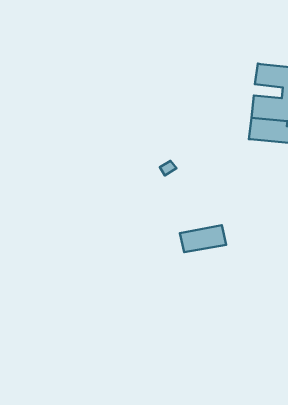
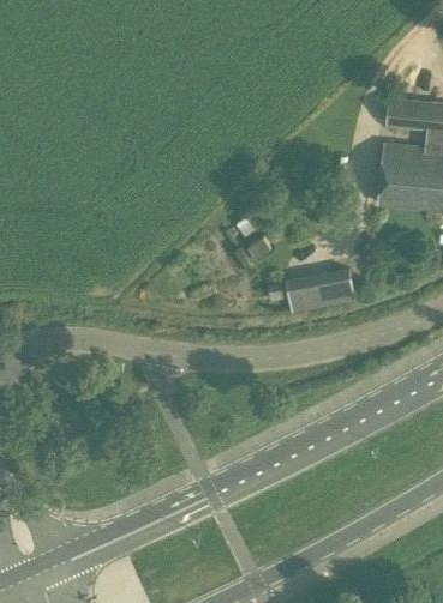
building: [180,225,226,252] -> [285,270,352,309]

